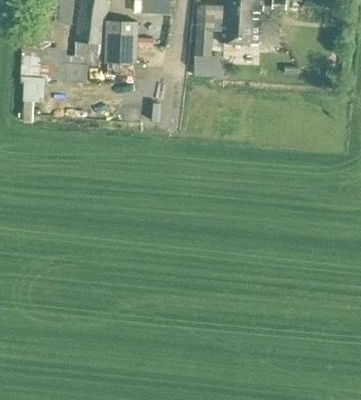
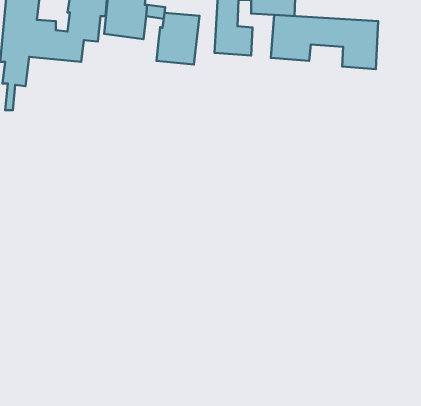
building: none -> [156,13,200,64]
building: none -> [271,15,378,69]

